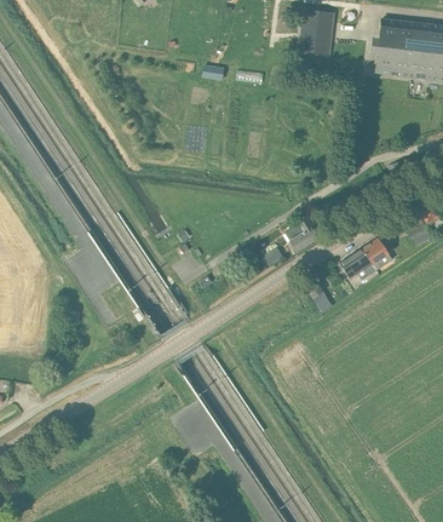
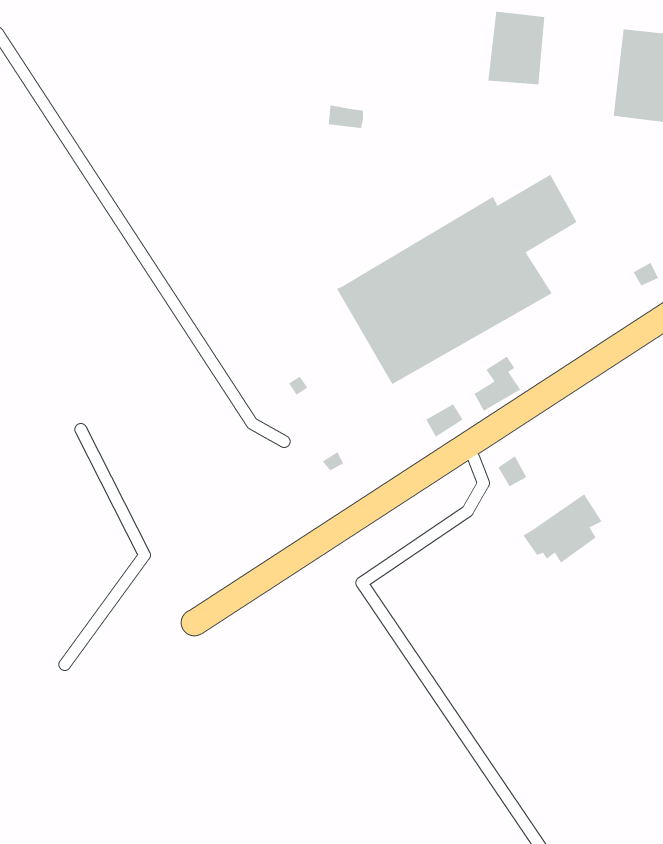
building: none -> [336,174,577,385]
building: [339,237,387,280] -> [523,494,602,563]

